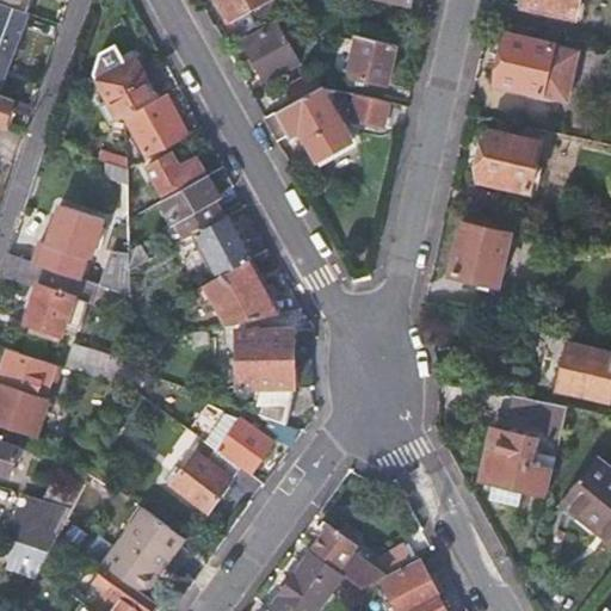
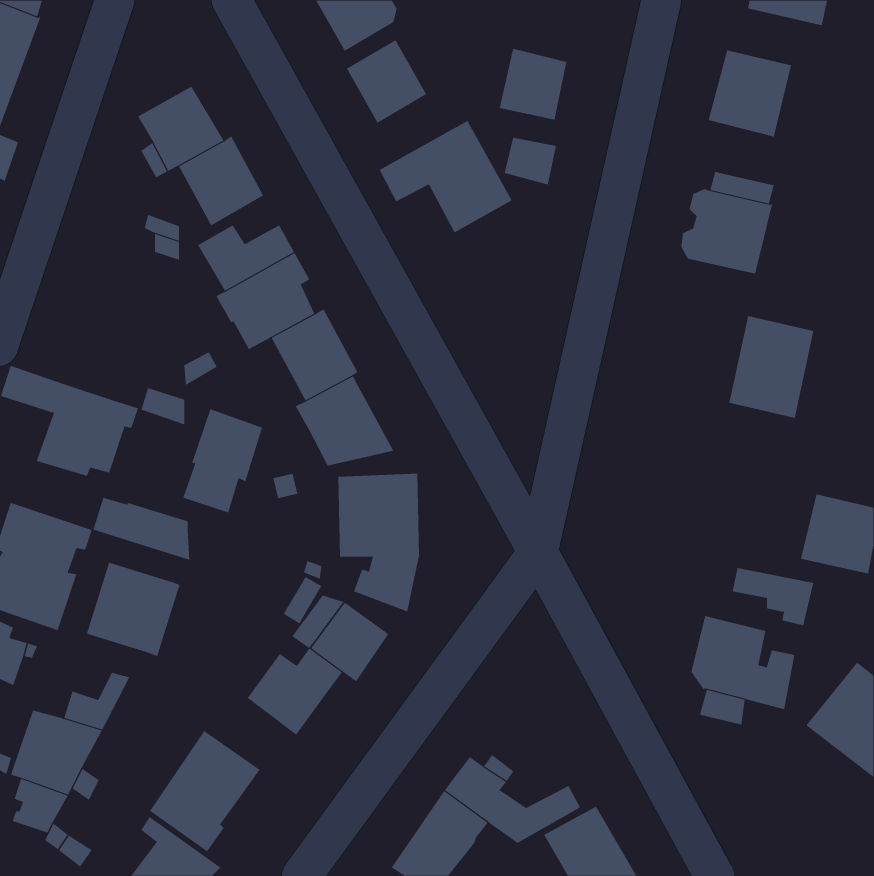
building: [539,45,578,101] -> none
building: [45,205,101,278] -> [182,409,263,513]
building: [450,211,510,283] -> [729,316,814,418]
building: none -> [86,562,180,657]

